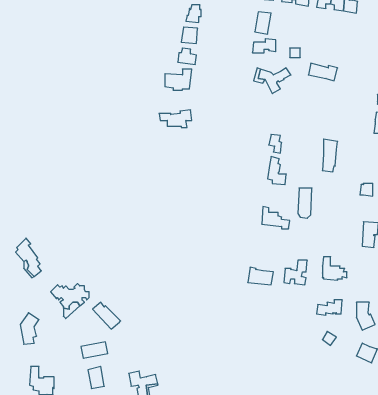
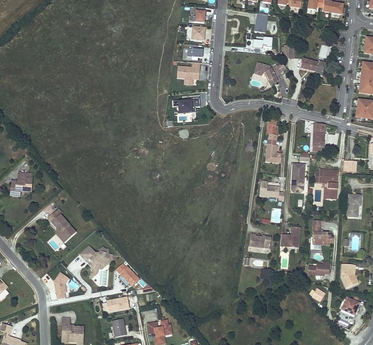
building: none -> [314,168,337,198]

